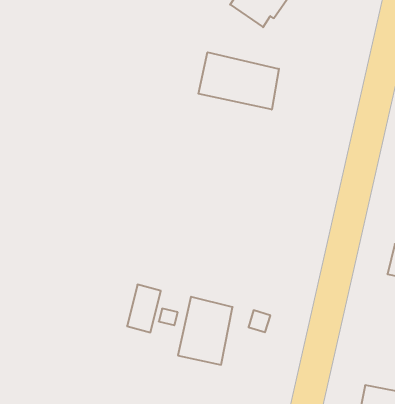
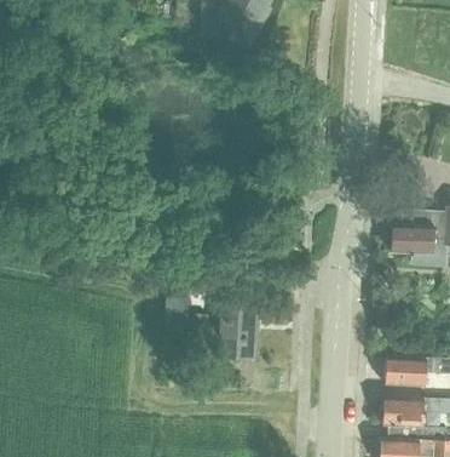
building: [198,52,279,110] -> none

